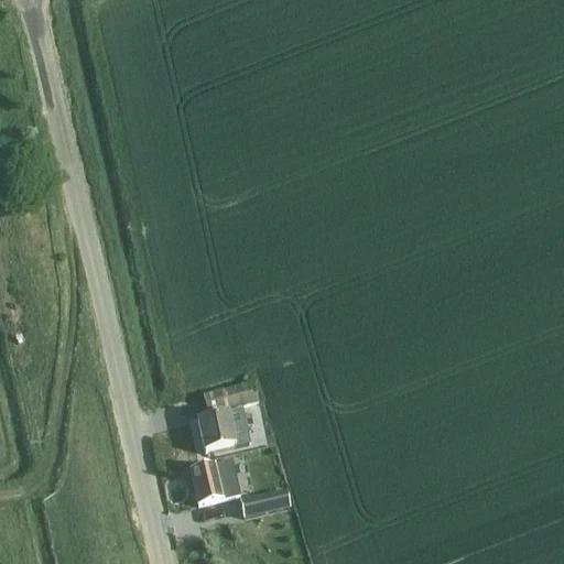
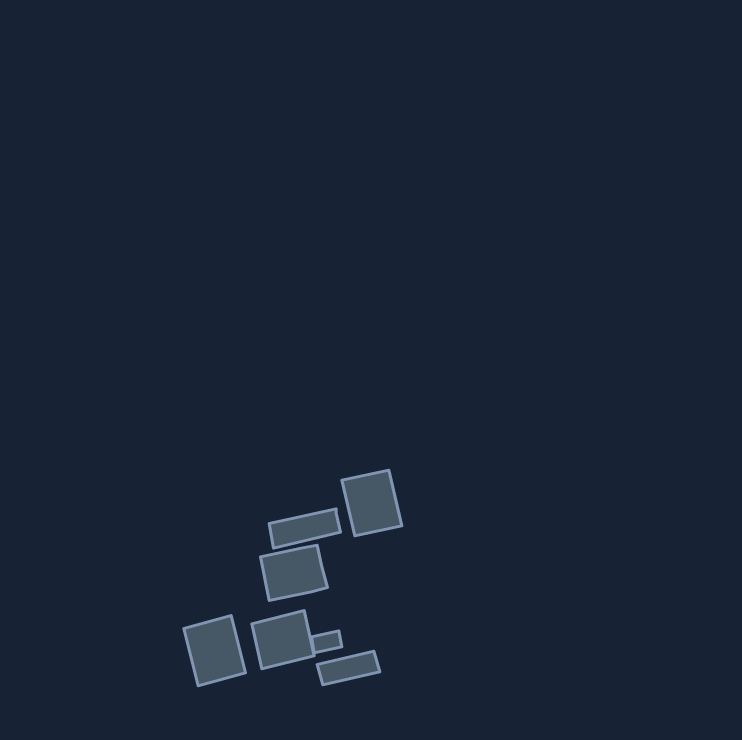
building: none -> [342,470,402,536]
building: none -> [184,616,246,686]

